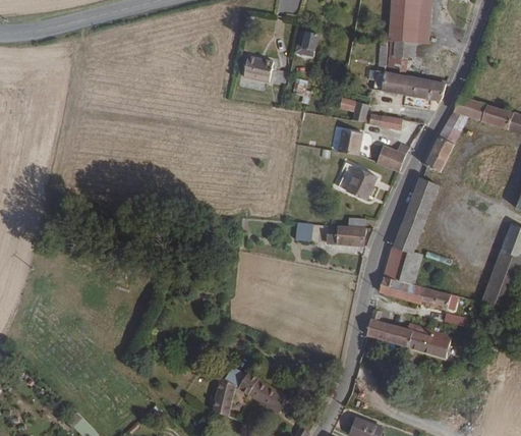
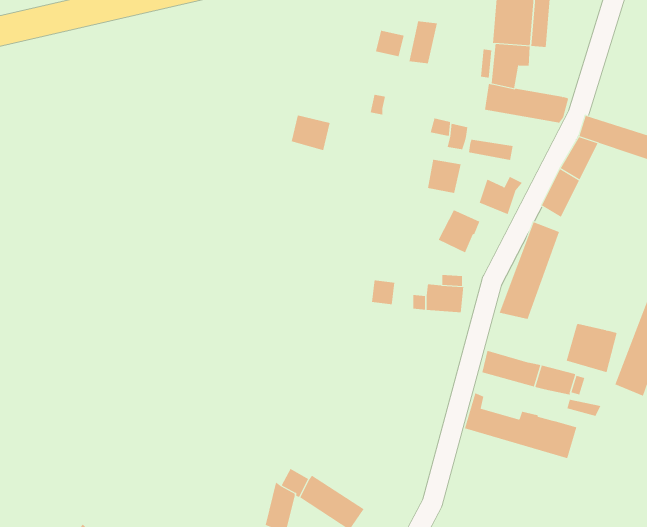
building: none -> [409,20,437,64]
building: [244,52,275,79] -> [291,115,331,151]
building: [383,247,422,284] -> [566,324,618,373]

